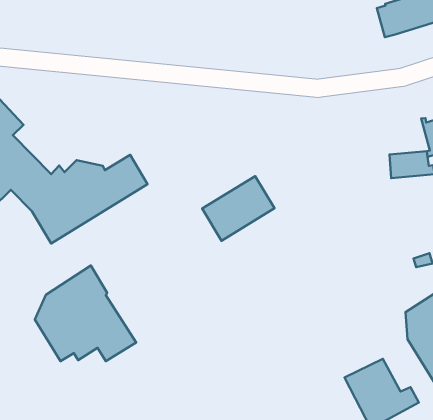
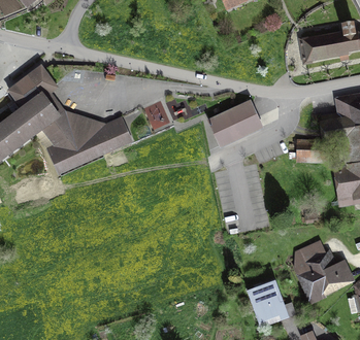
building: [202,176,274,241] -> [210,103,260,144]
building: [35,266,136,361] -> none

